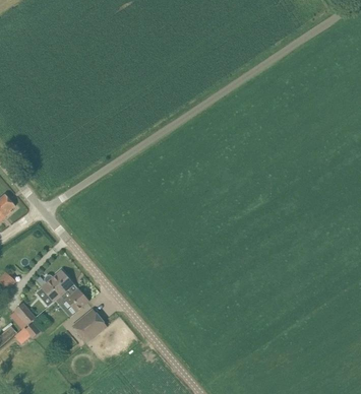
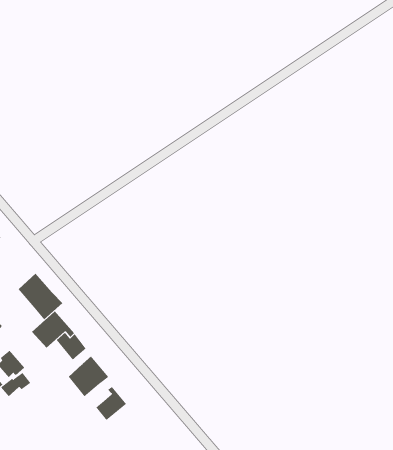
building: none -> [18,273,63,320]
building: none -> [96,386,127,421]

